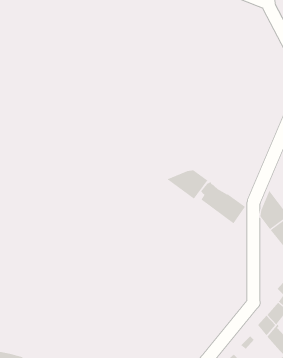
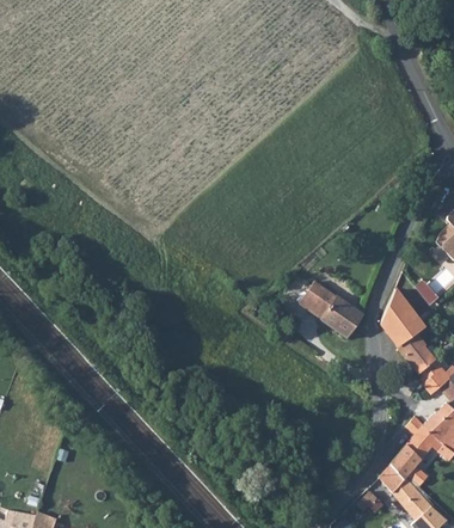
building: [166,170,208,200] -> none

